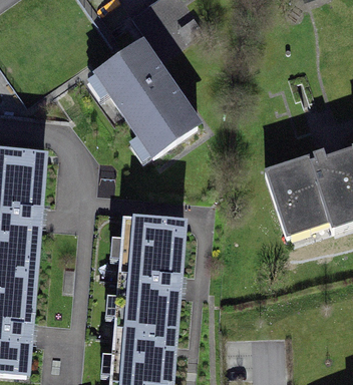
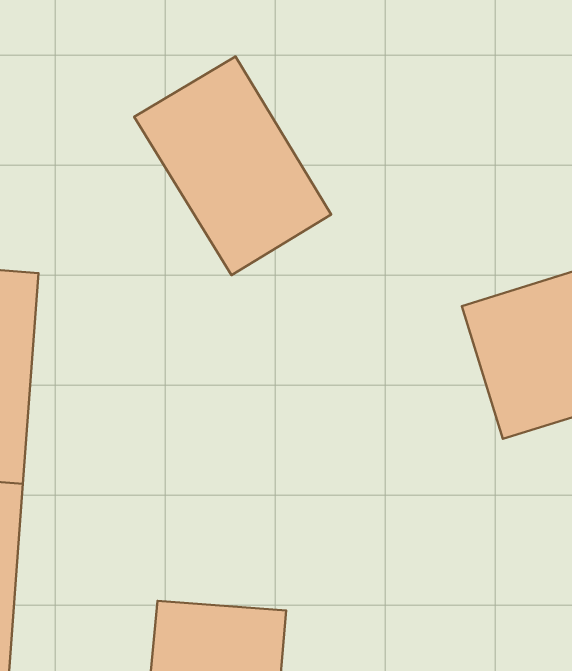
building: [109,209,185,326] -> none

